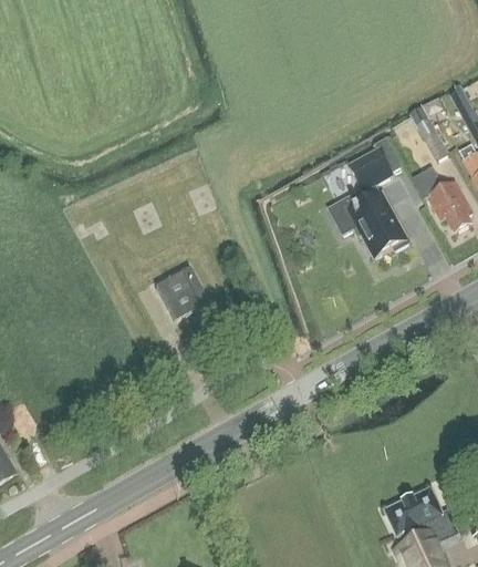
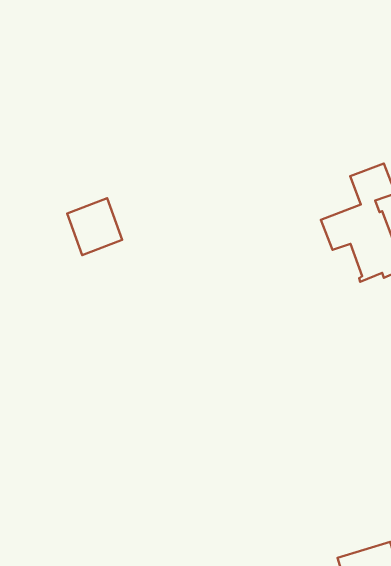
building: [155,265,208,319] -> [67,198,122,255]

